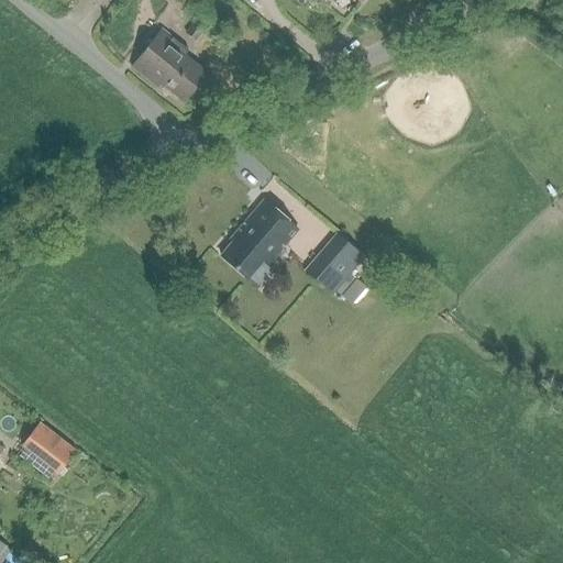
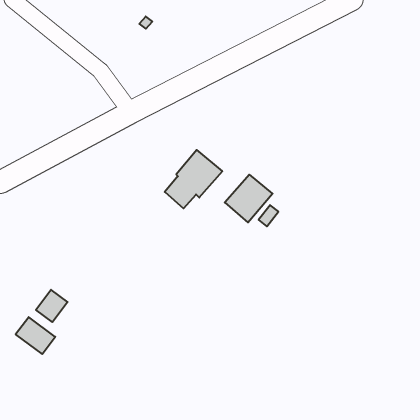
building: [132,29,207,100] -> none
building: none -> [36,290,68,322]

